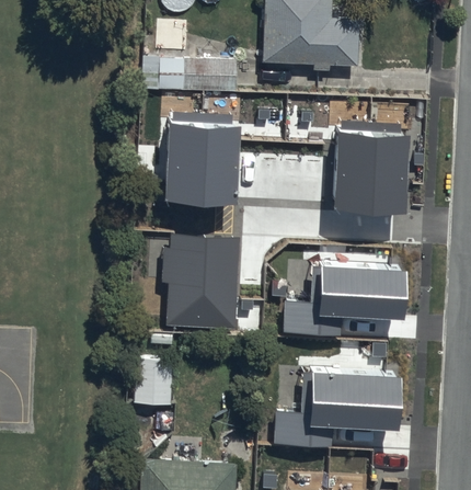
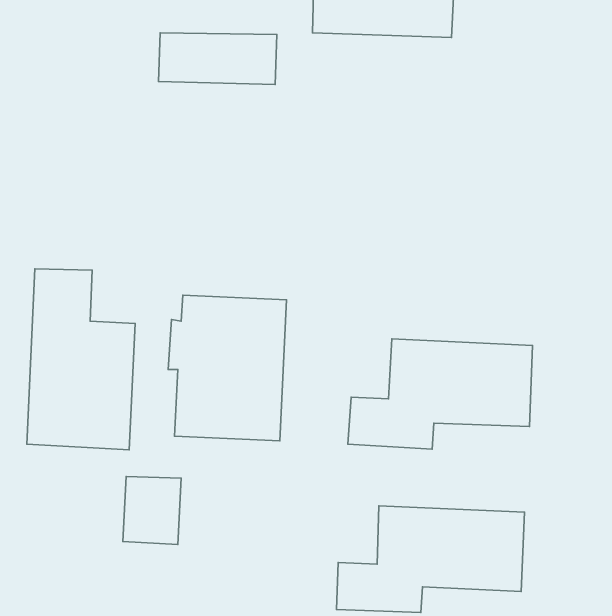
building: [165,121,240,207] -> none
building: [335,132,412,217] -> none
building: none -> [27,269,135,450]

